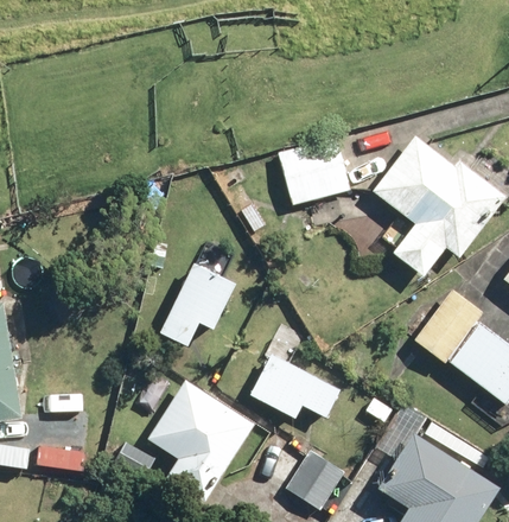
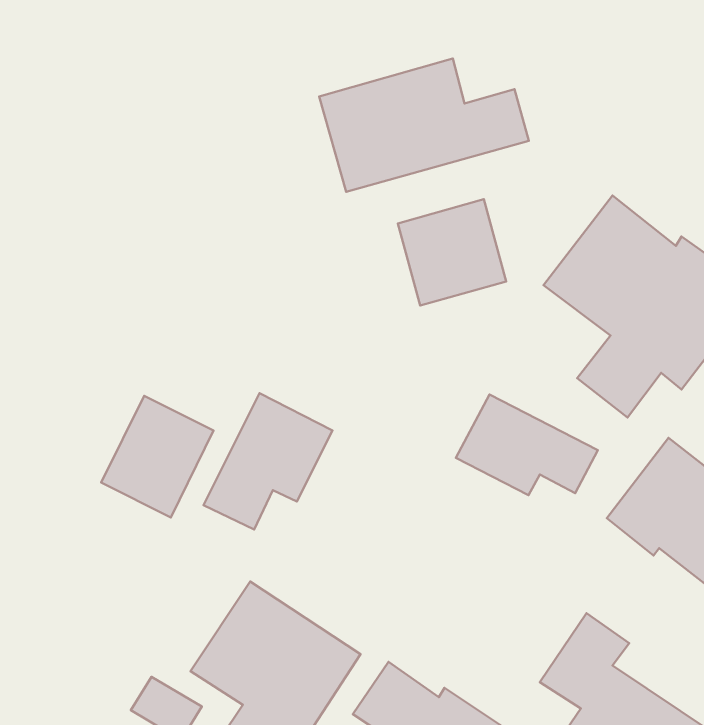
building: none -> [319,58,529,192]
building: none -> [101,396,214,517]
building: [250,354,341,418] -> [456,394,598,495]

